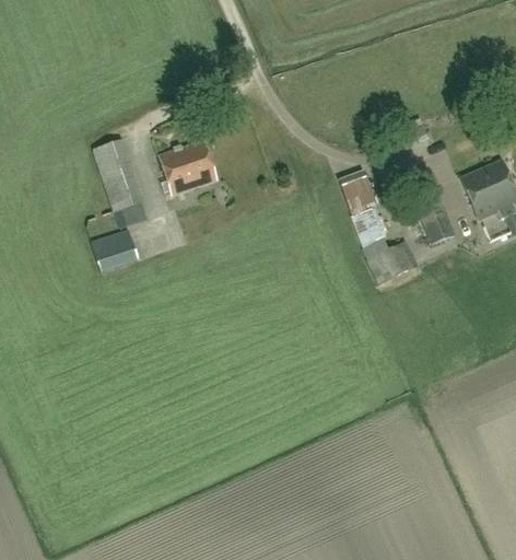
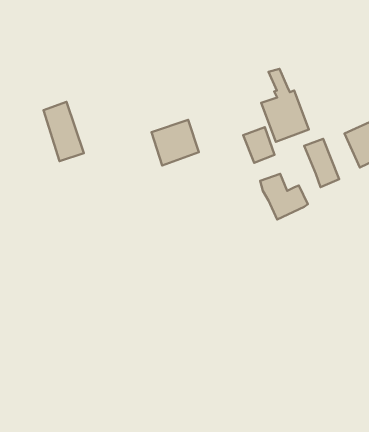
building: none -> [261,69,309,142]
building: [159,141,216,197] -> [151,120,199,165]
building: [105,226,143,264] -> none

